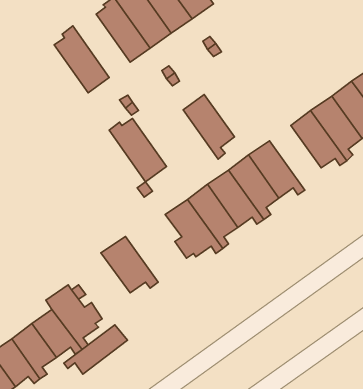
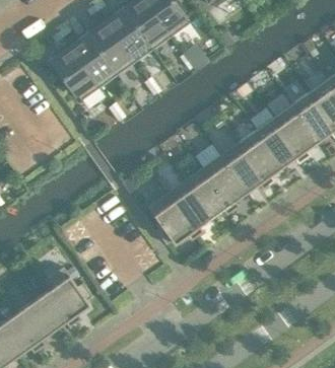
building: [183,95,235,159] -> [237,129,281,185]
building: [109,119,167,182] -> [66,32,116,87]
building: [101,236,158,293] -> none
building: [64,325,127,374] -> none

